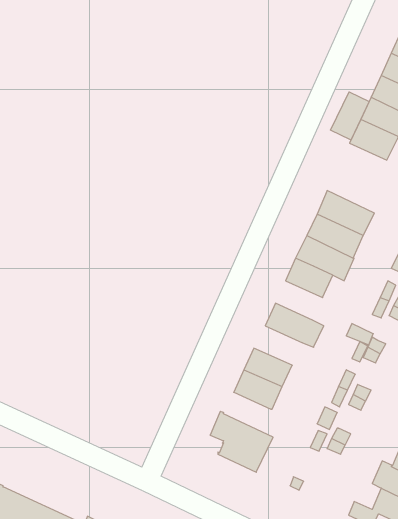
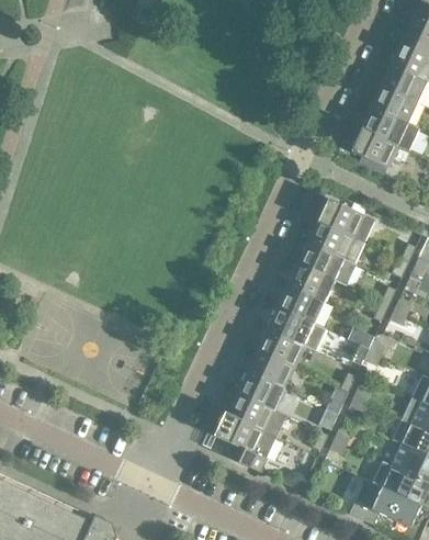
building: [331,92,369,140] -> none
building: none -> [278,284,324,323]
building: none -> [257,328,304,367]
building: none -> [224,393,285,437]

